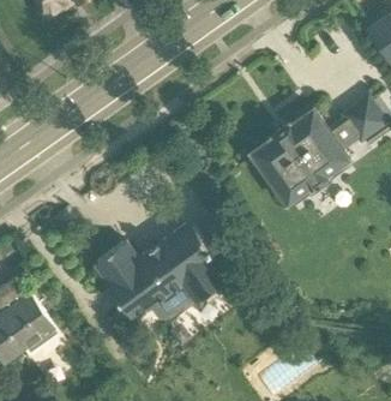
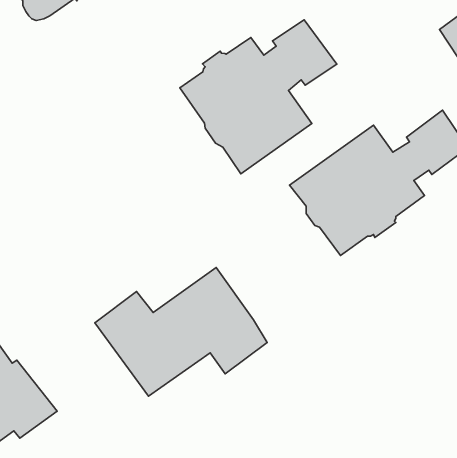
building: none -> [180,20,337,174]

